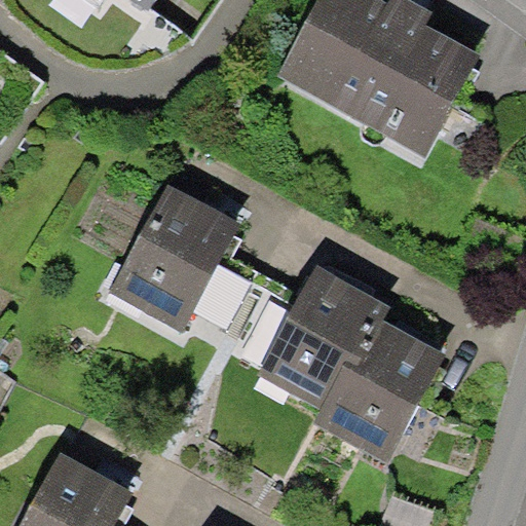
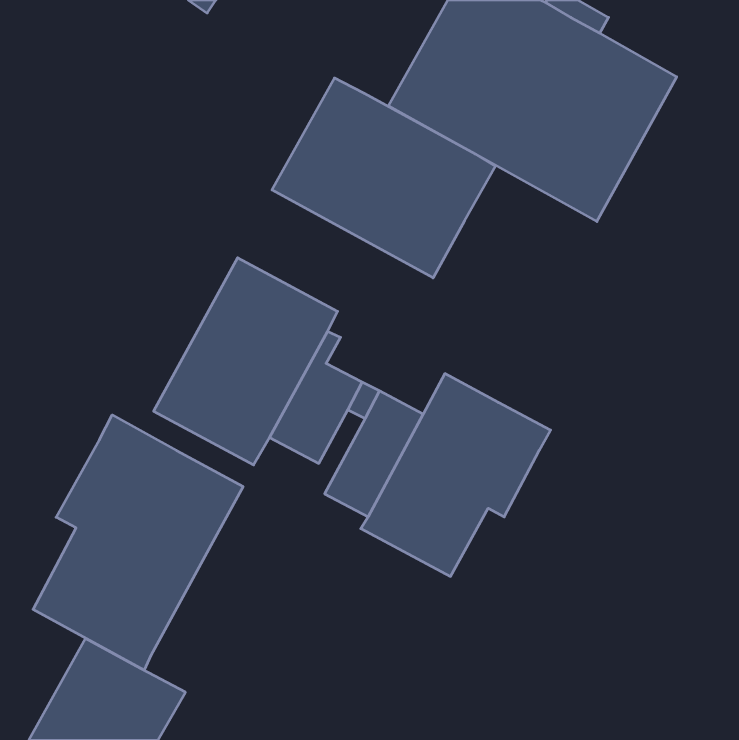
building: none -> [272,78,495,278]
building: none -> [33,415,243,670]
building: [312,320,447,463] -> none

